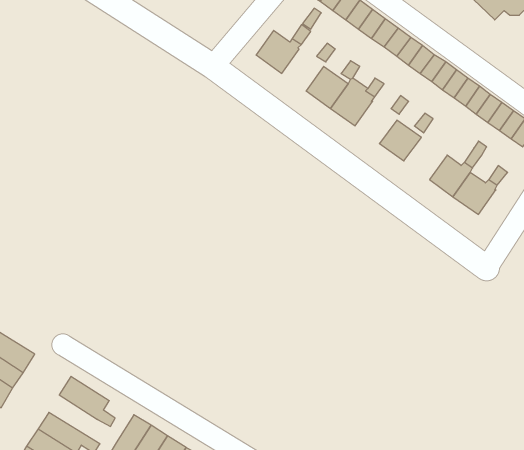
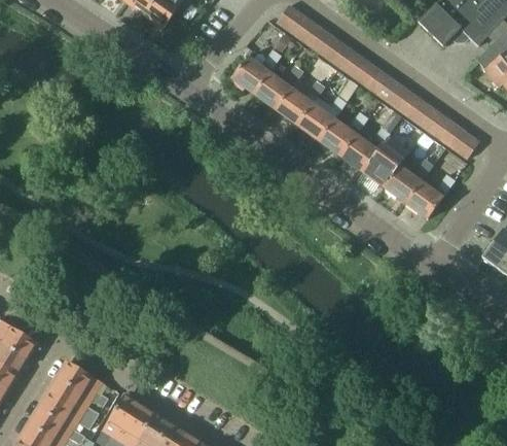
building: none -> [255,72,292,109]
building: none -> [320,118,357,156]
building: none -> [363,150,401,187]
building: none -> [49,378,99,421]

